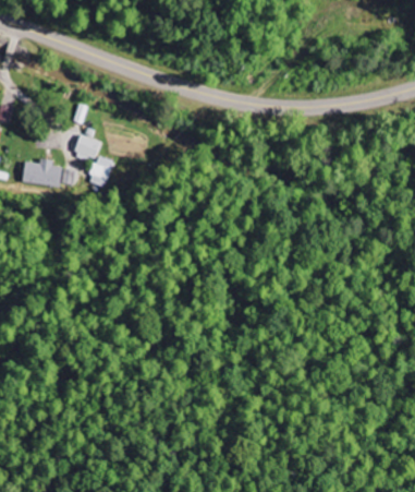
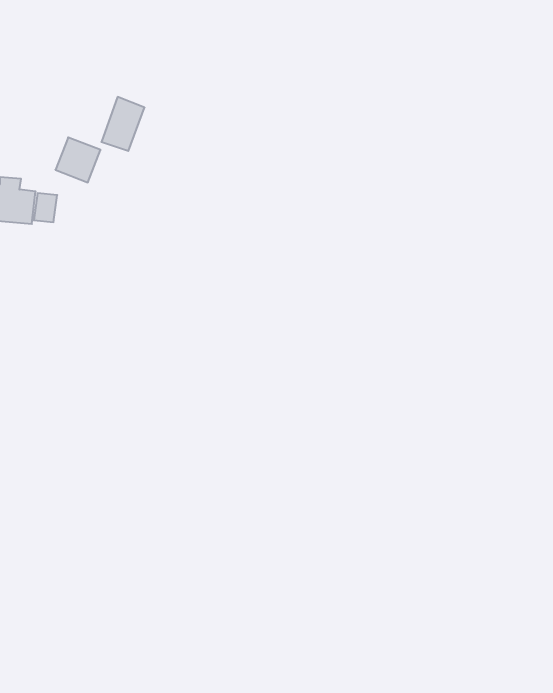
building: [87,154,113,187] -> [101,97,145,151]

